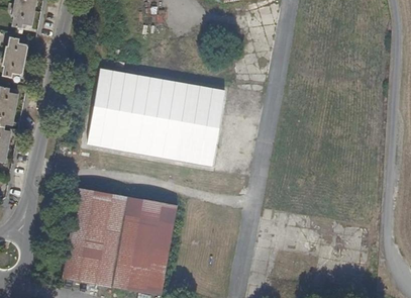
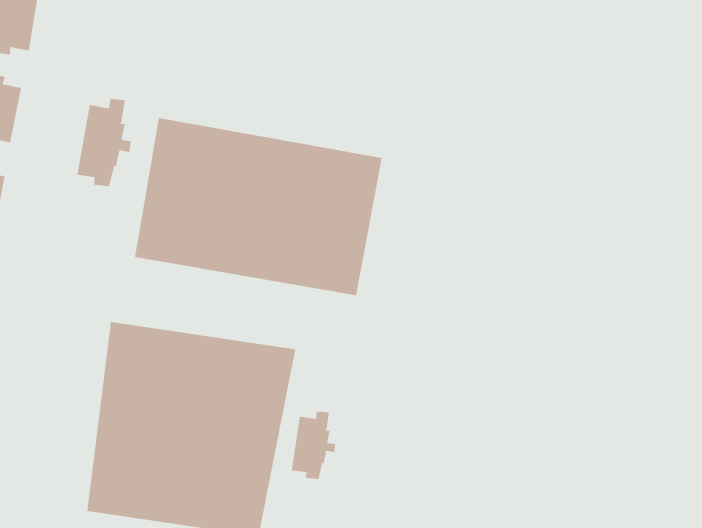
building: none -> [77,98,132,187]
building: none -> [291,411,336,480]

